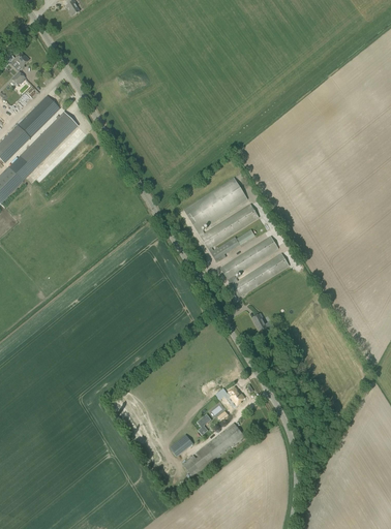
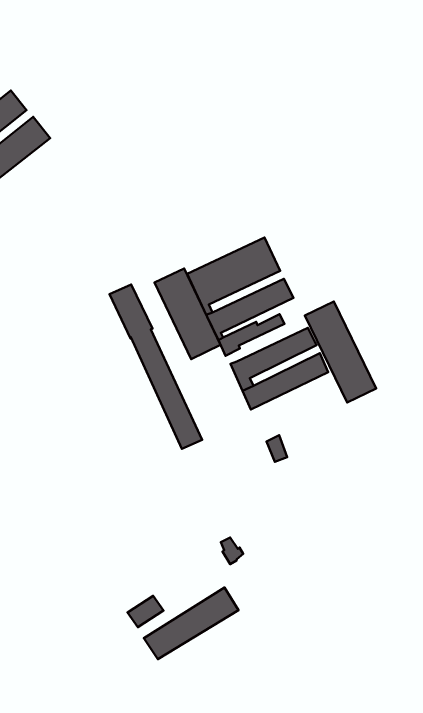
building: none -> [155,268,221,359]
building: none -> [305,301,376,403]
building: none -> [109,284,202,449]

